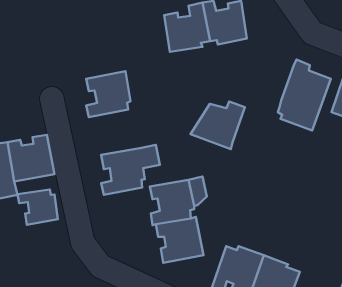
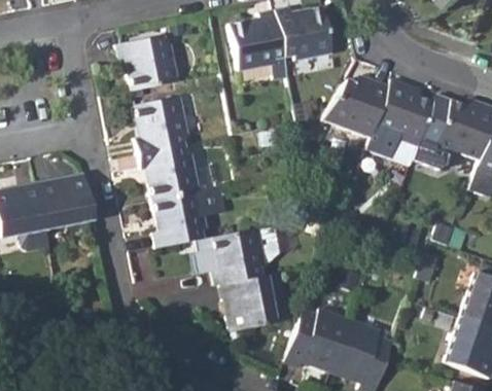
building: none -> [116,34,178,88]
building: [191,101,245,149] -> [321,79,388,138]
building: none -> [136,141,199,197]
building: [17,189,58,225] -> none

